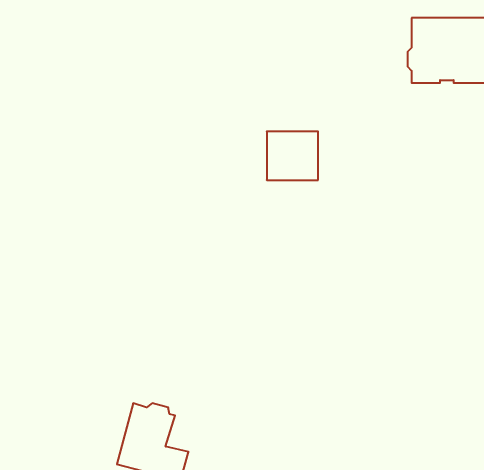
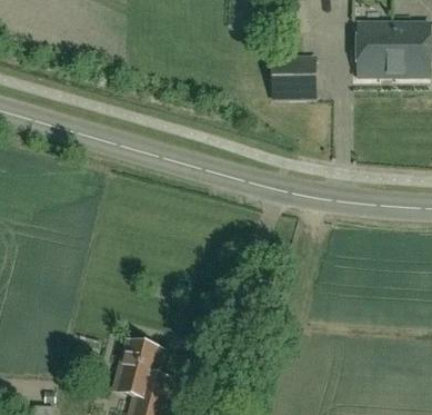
building: [267,131,318,180] -> [273,57,315,97]

